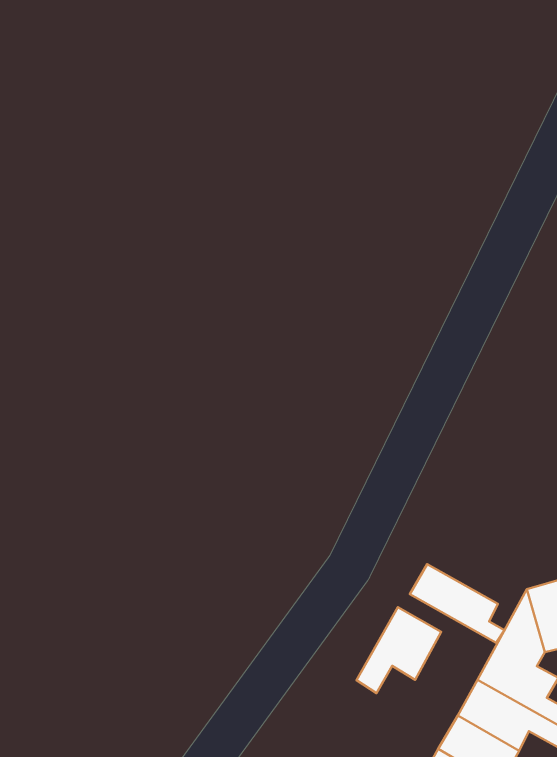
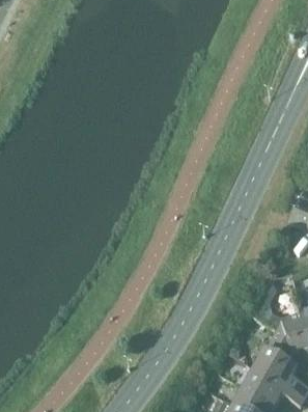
building: [410,564,505,643] -> none
building: [357,607,441,693] -> none

